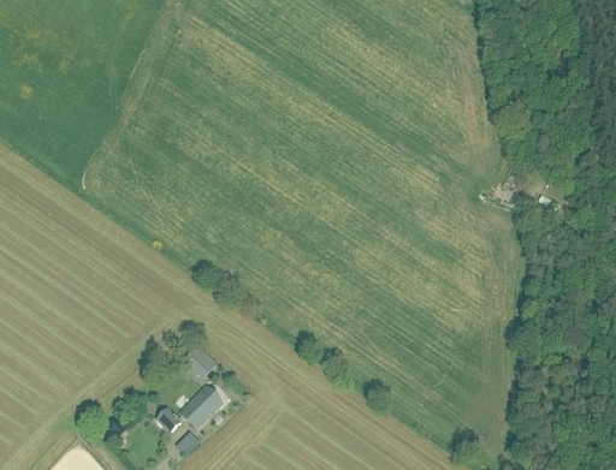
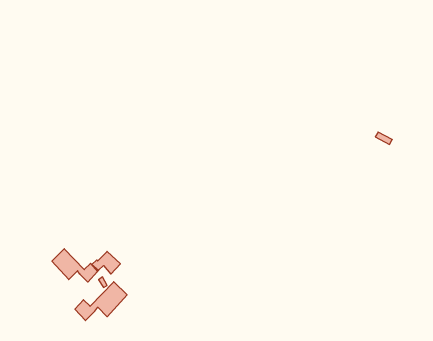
building: none -> [52,249,98,282]

